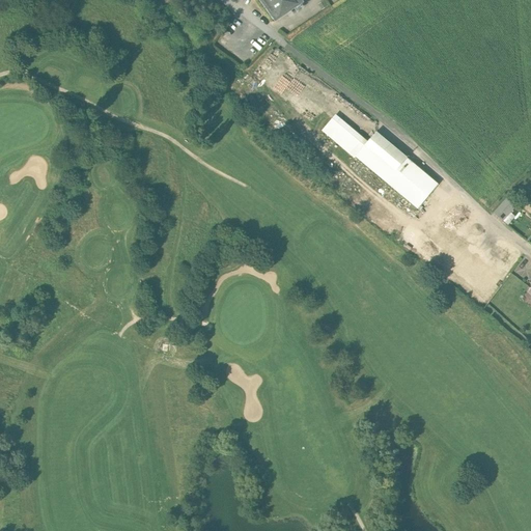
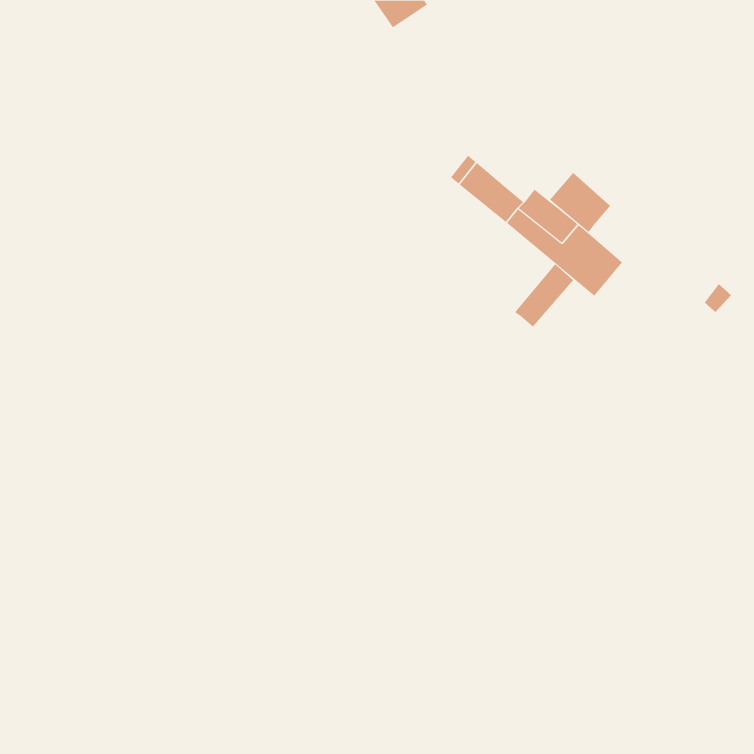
building: none -> [549,172,611,233]
building: none -> [514,264,574,328]

